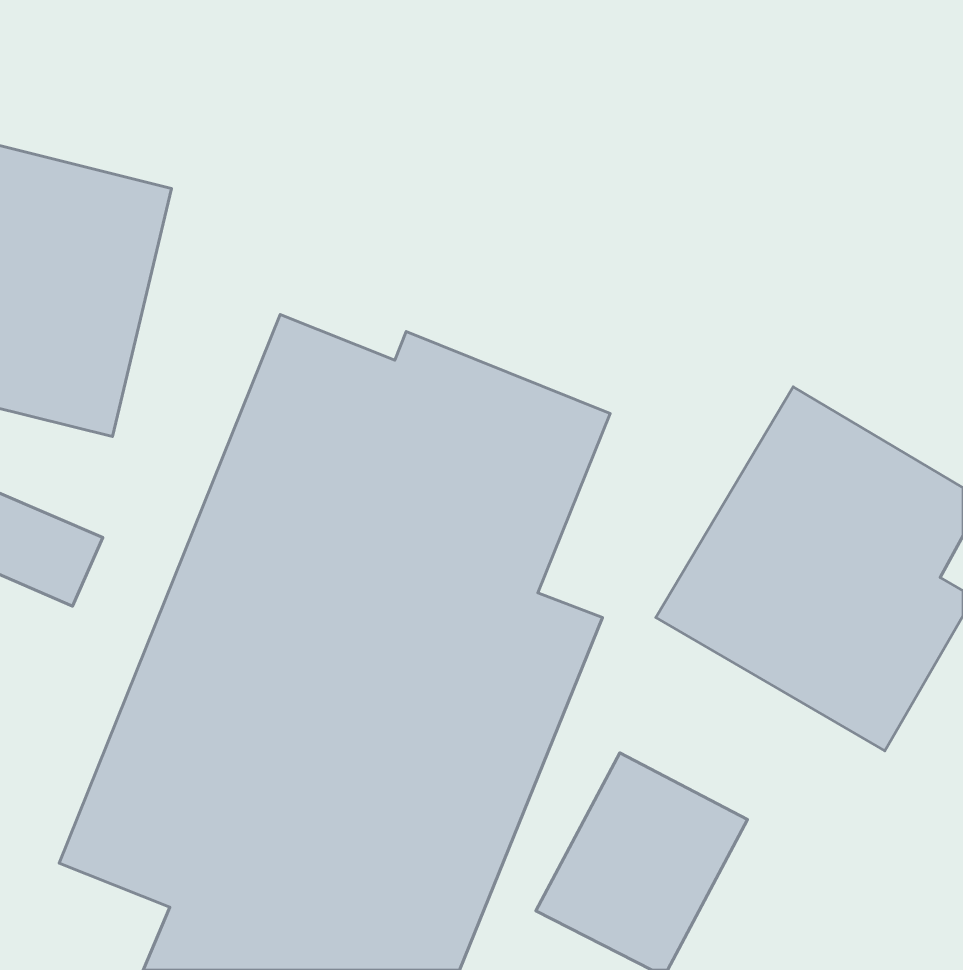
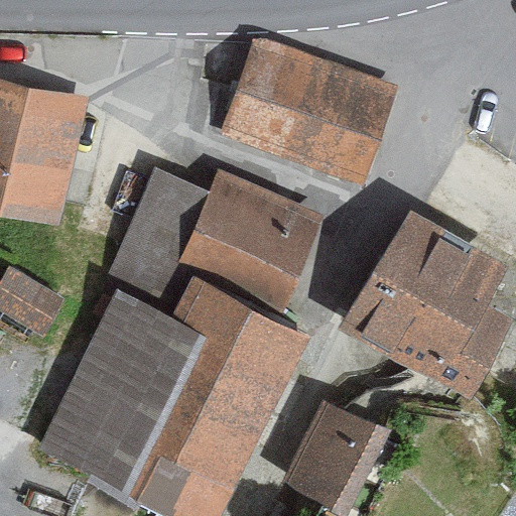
building: none -> [218,40,395,187]

